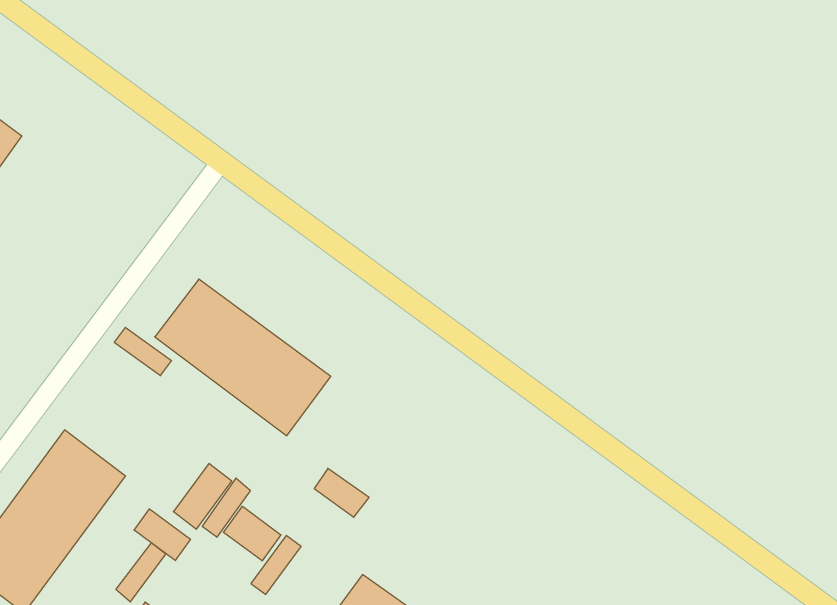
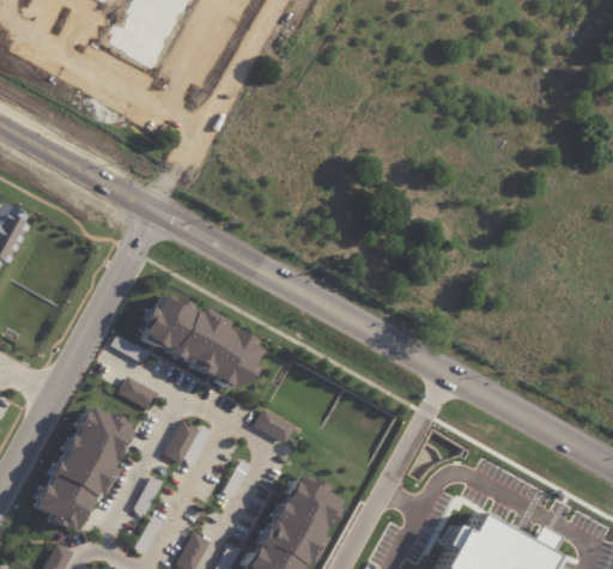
building: none -> [121,376,158,407]
building: [223,506,281,561] -> none
building: [134,509,190,561] -> none

